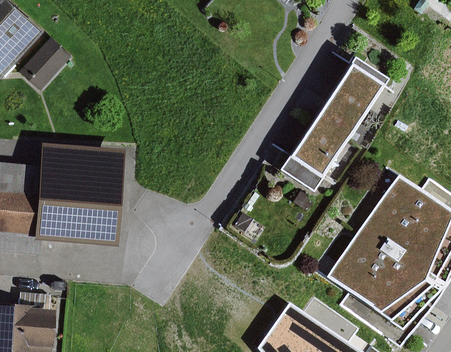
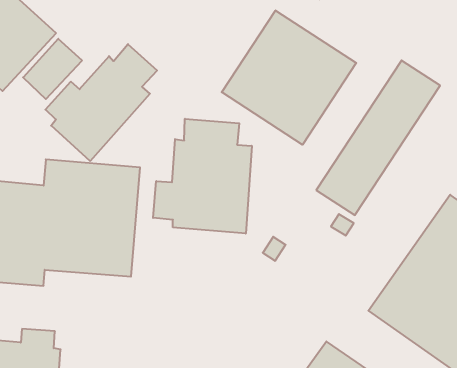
building: none -> [222,10,356,145]
building: none -> [45,44,157,161]
building: none -> [153,119,252,234]

